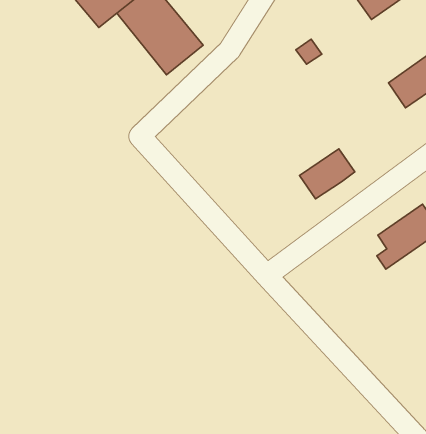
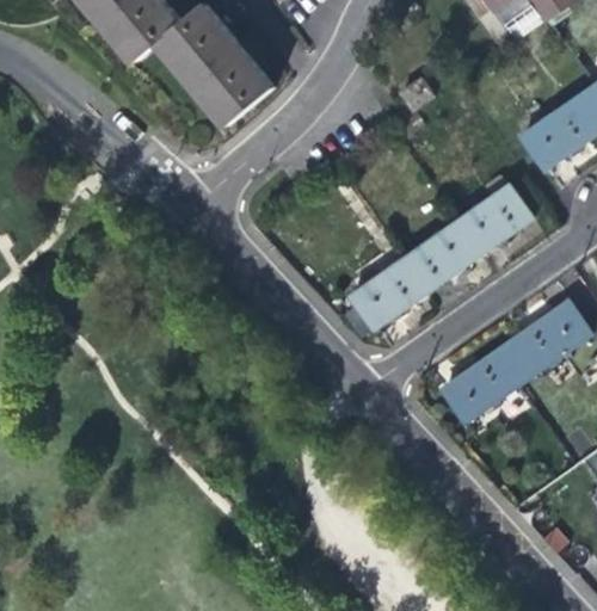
building: none -> [455,185,530,254]
building: none -> [349,259,424,327]
building: none -> [439,339,519,421]

